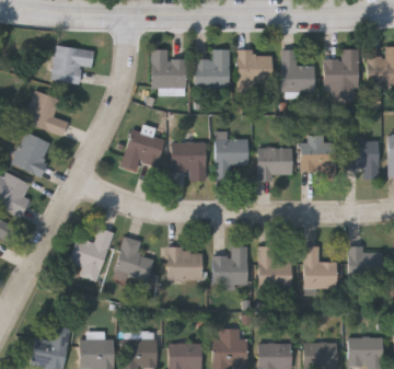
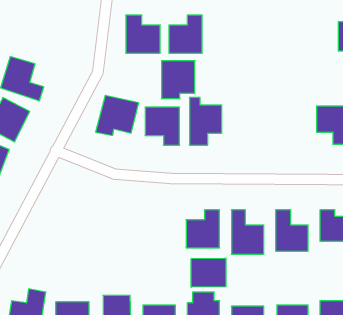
building: [51,45,93,83] -> none
building: [324,48,359,95] -> none
building: [281,49,314,91] -> none
building: [237,51,271,90] -> [162,61,195,99]
building: [302,135,335,171] -> none
building: [257,147,292,176] -> none
building: [68,228,113,281] -> none
building: [114,237,152,282] -> none
building: [167,247,201,279] -> none
building: none -> [191,258,226,287]

